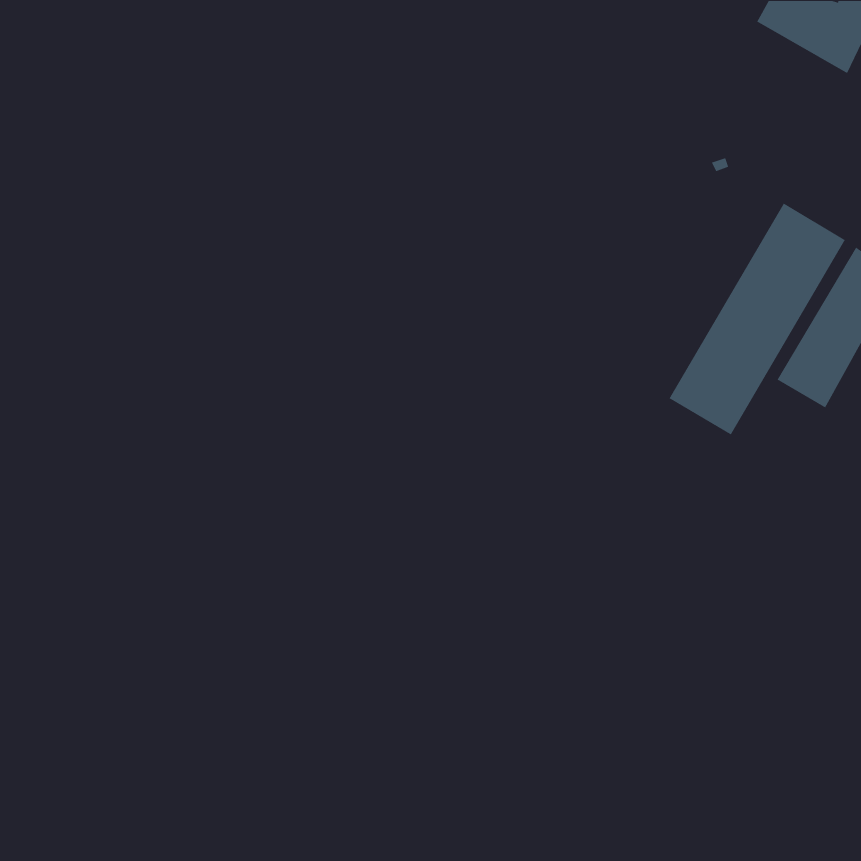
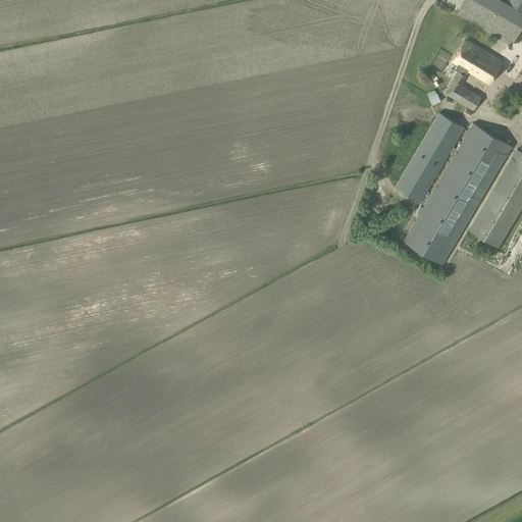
building: none -> [447,41,503,111]
building: none -> [397,113,465,202]

